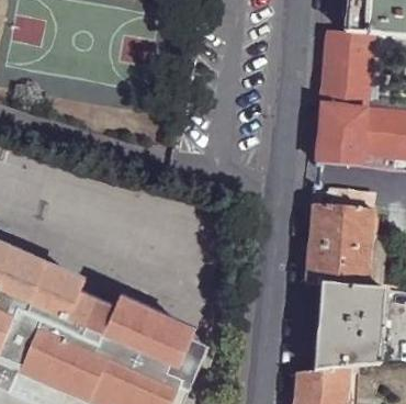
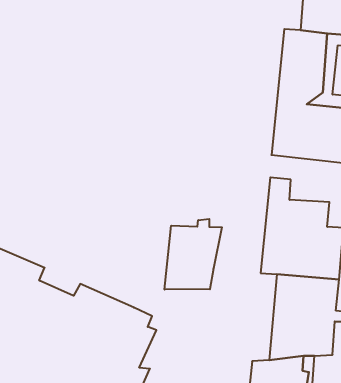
building: none -> [165,219,222,290]

